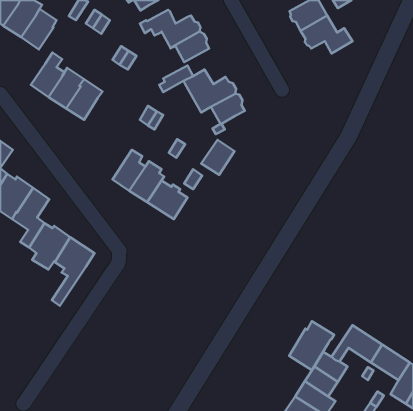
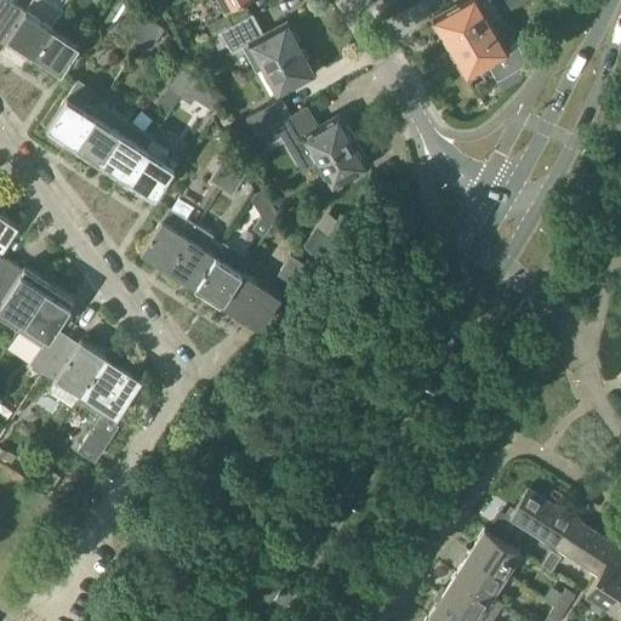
building: none -> [126,141,175,201]
building: none -> [141,210,198,273]
building: [289,321,334,370] -> none

